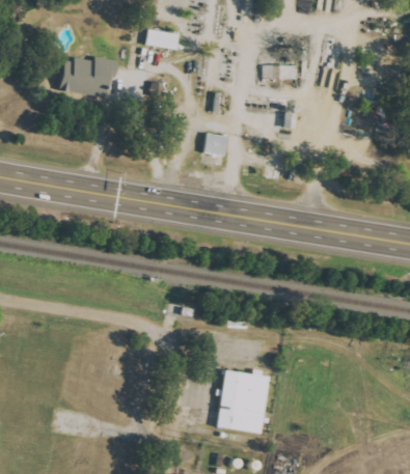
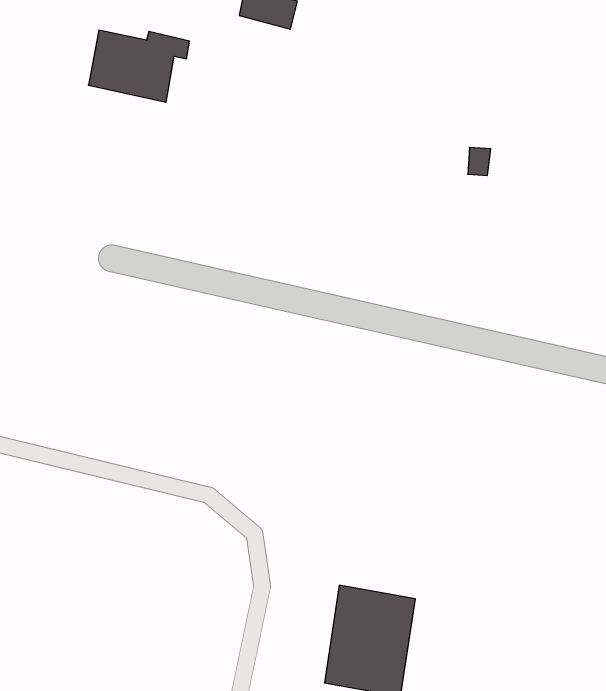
building: [263,64,297,79] -> none
building: [203,133,227,155] -> none

